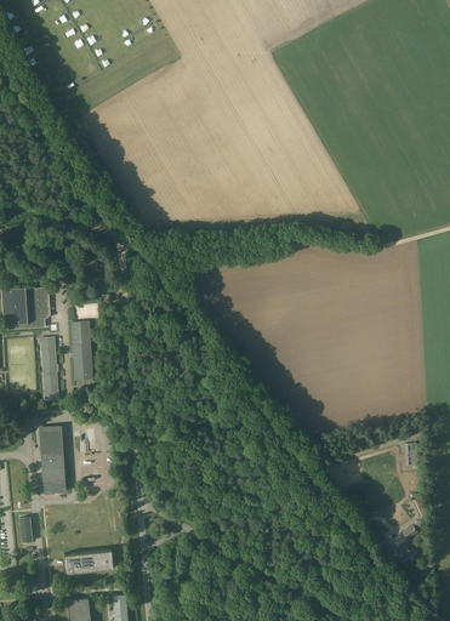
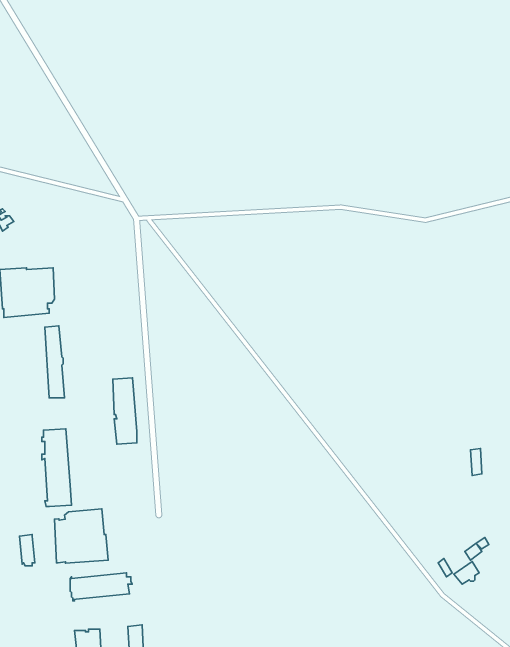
building: [72,321,92,378] -> [113,378,137,444]
building: none -> [54,509,108,563]

